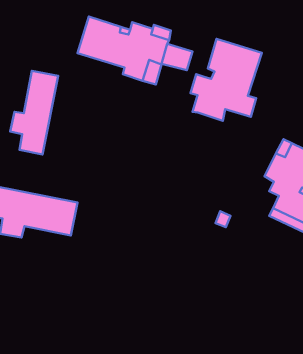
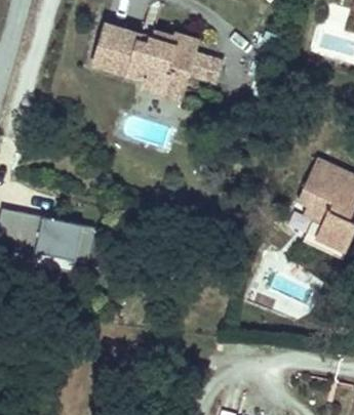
building: [191,39,262,121] -> none
building: [10,71,58,154] -> none

